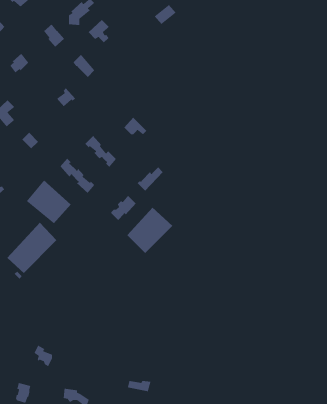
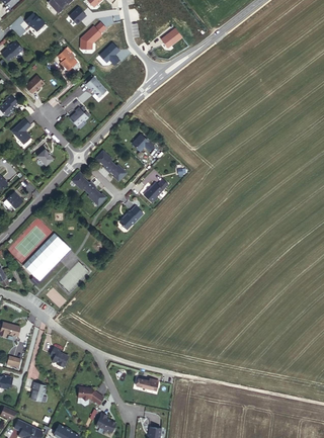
building: [26,179,72,224] -> none
building: [126,207,173,254] -> none

